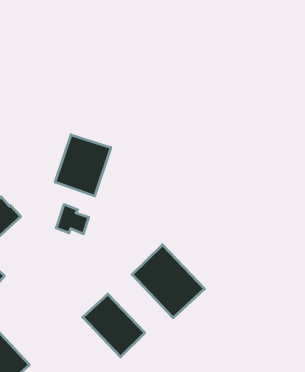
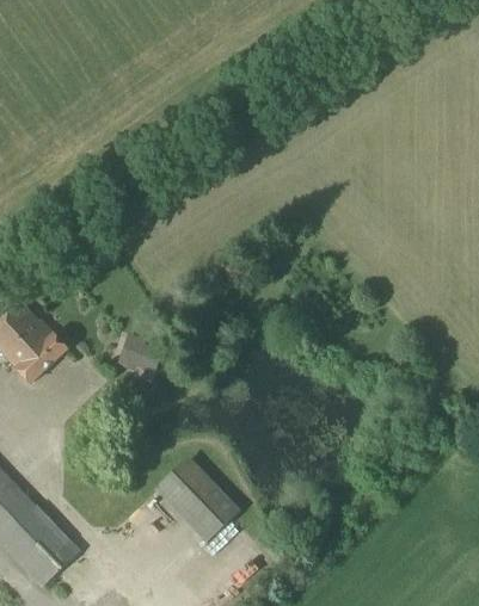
building: [55,135,111,196] -> none
building: [132,245,205,318] -> none

